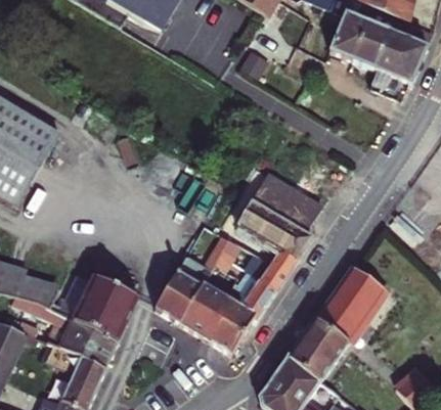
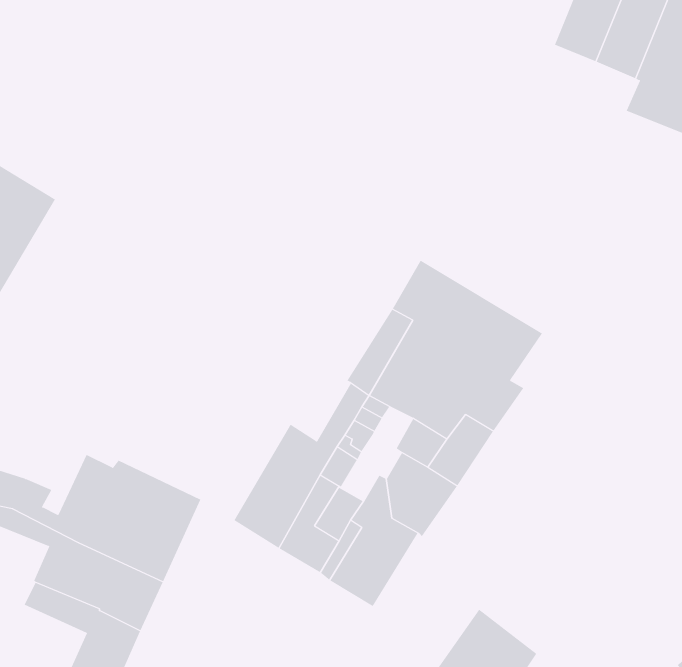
building: [289,265,385,380] -> none

